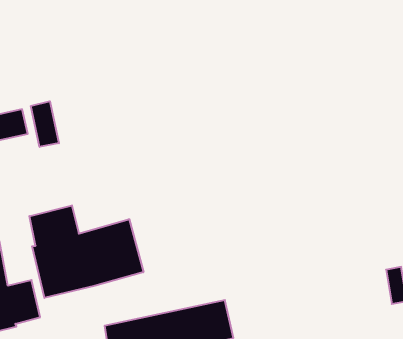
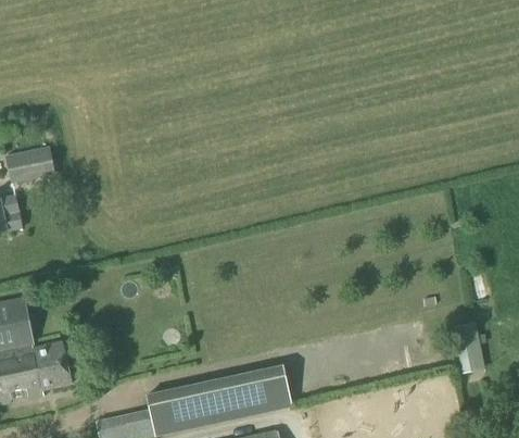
building: [31,101,59,147] -> none
building: [29,205,143,298] -> none

